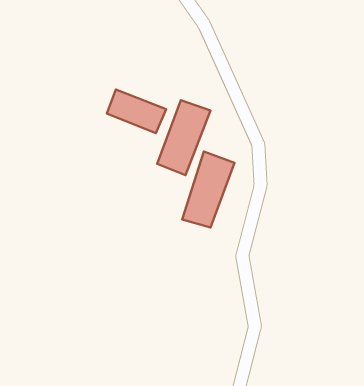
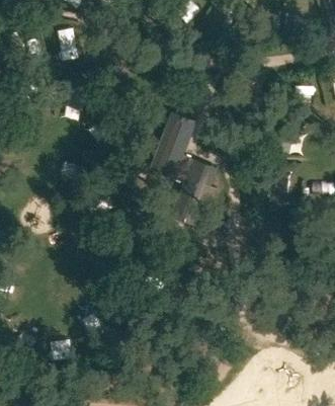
building: [107,90,166,133] -> none

